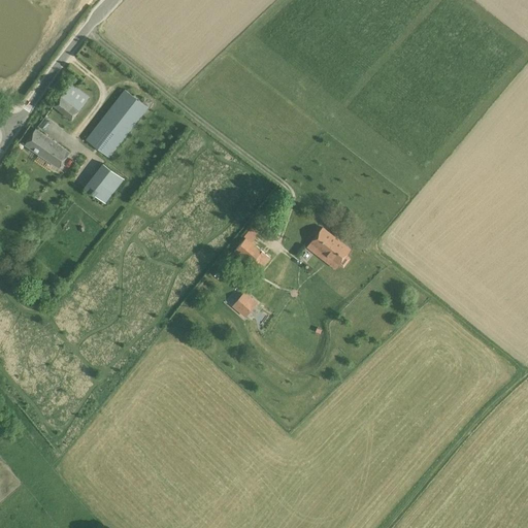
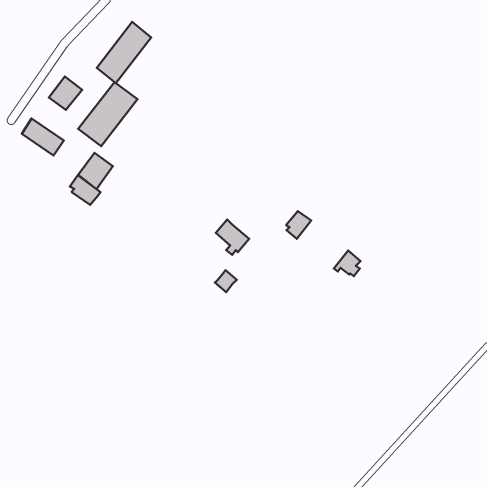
building: none -> [97,22,151,83]
building: none -> [70,175,101,205]
building: [321,239,350,267] -> [334,251,361,276]

